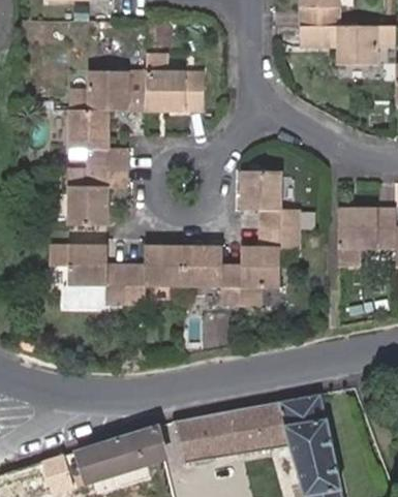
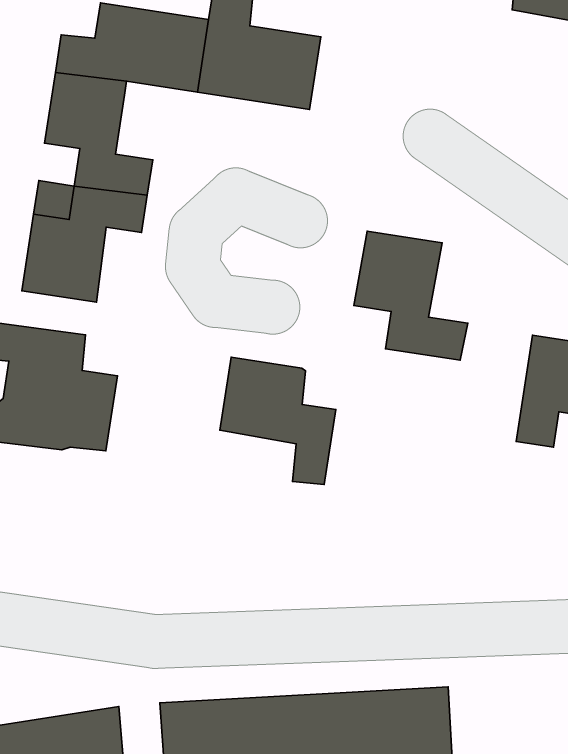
building: [240,227,300,302] -> none
building: [125,244,182,302] -> none

